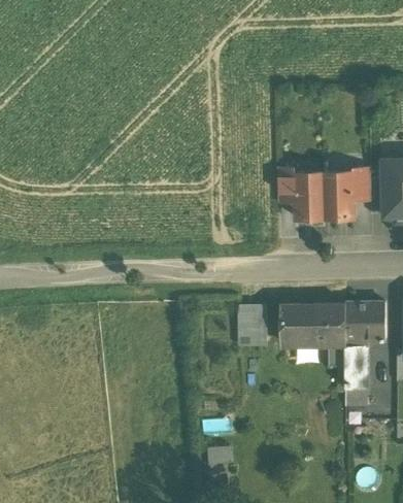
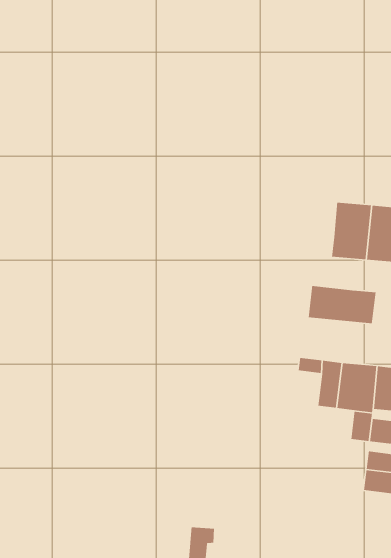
building: [277,167,296,203] -> none
building: none -> [308,285,376,324]
building: [239,308,267,344] -> none
building: [280,315,300,343] -> none

